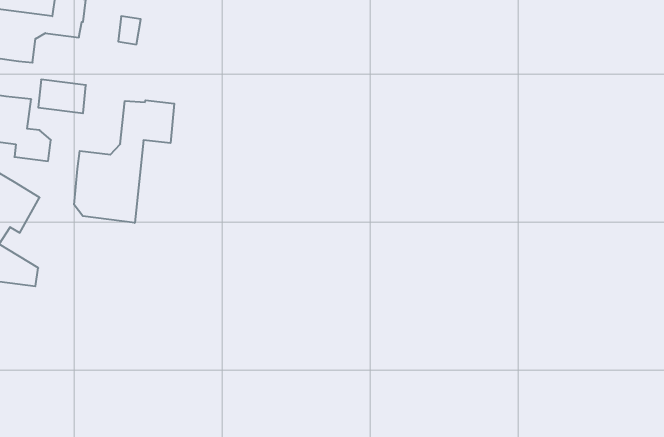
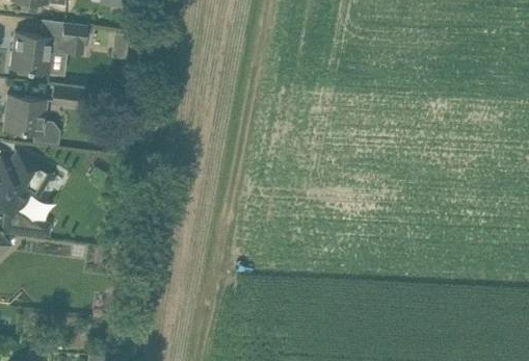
building: [74,100,174,223] -> none

